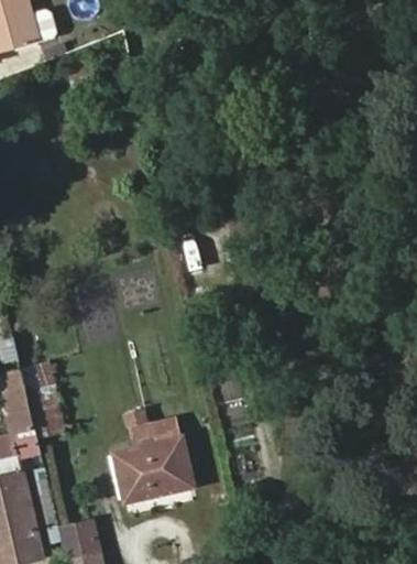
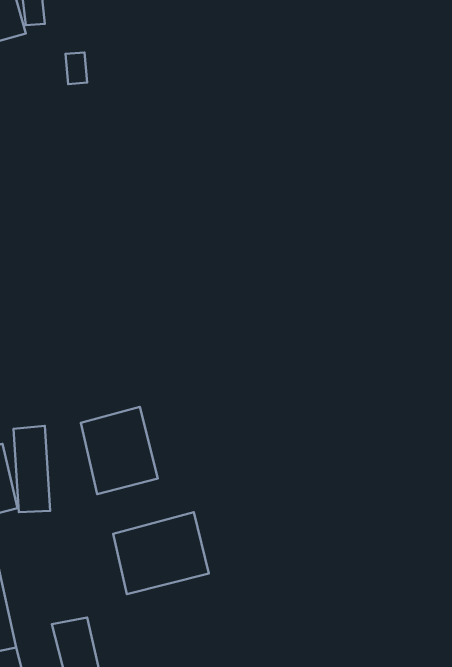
building: none -> [81,407,158,494]

